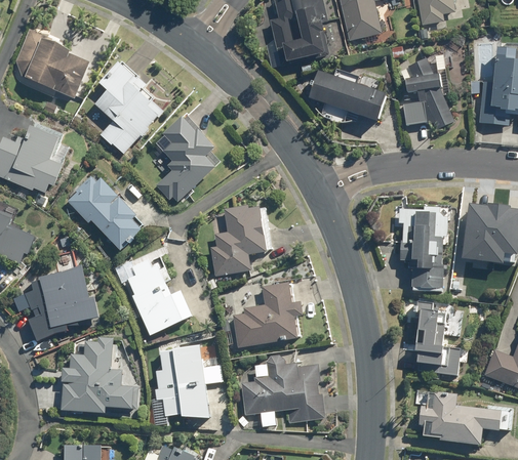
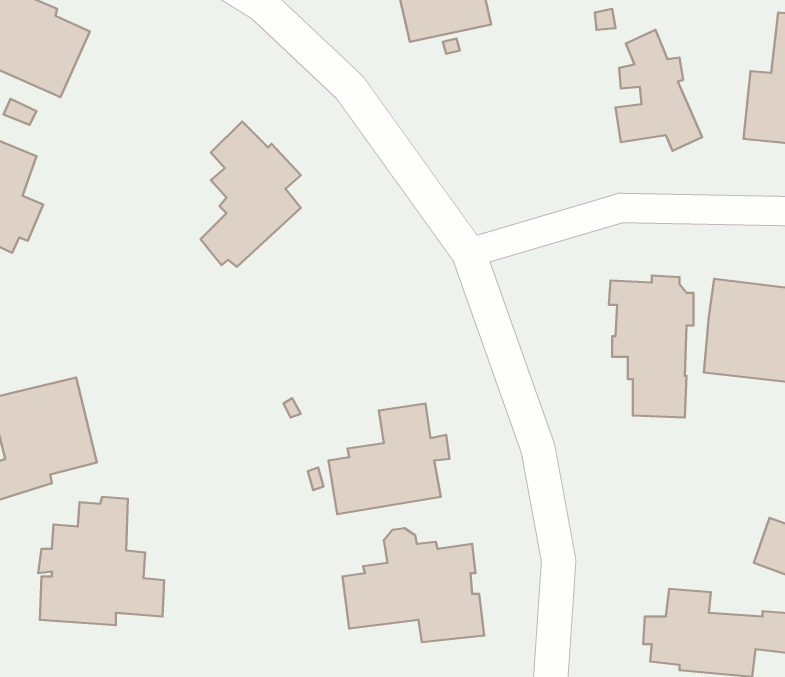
building: [94,58,160,153] -> none
building: [310,73,388,123] -> none
building: [68,180,135,248] -> none
building: [209,205,268,276] -> none
building: [126,259,193,334] -> none
building: [415,300,461,373] -> none
building: [154,345,213,419] -> none

